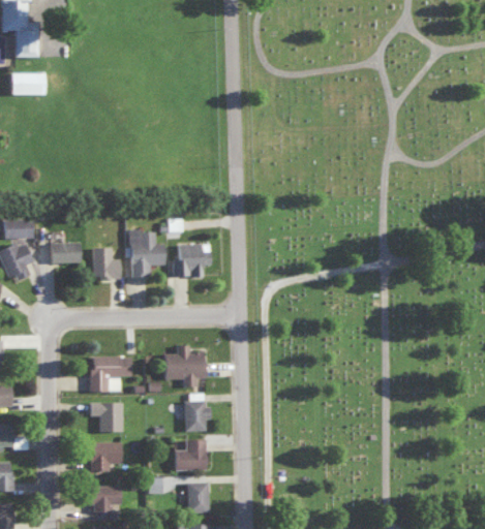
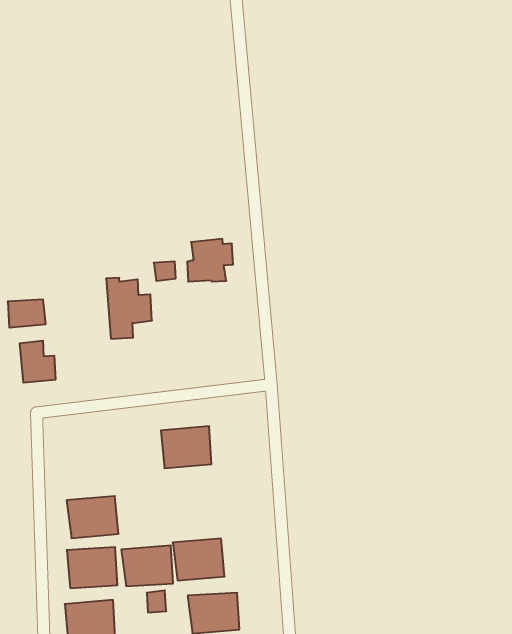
building: [173,244,209,277] -> [187,239,233,282]
building: [92,247,119,279] -> [20,341,56,383]
building: [92,356,130,387] -> none
building: [175,400,214,430] -> [121,545,173,586]

